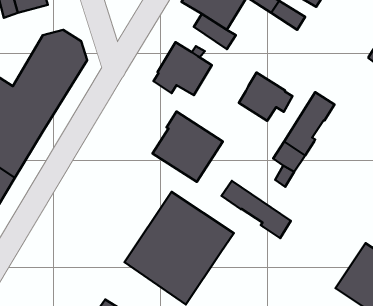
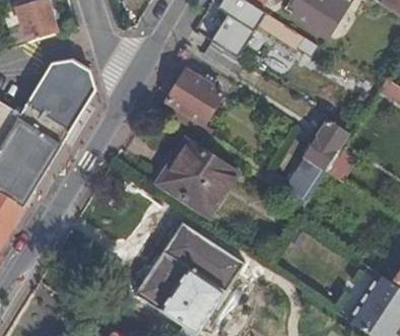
building: [239,72,292,121] -> none
building: [222,181,291,238] -> none

